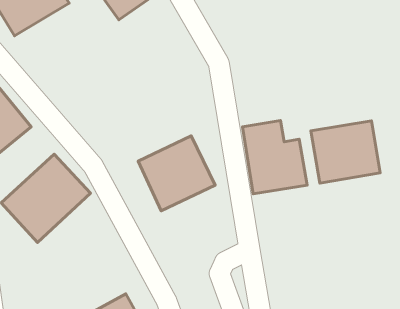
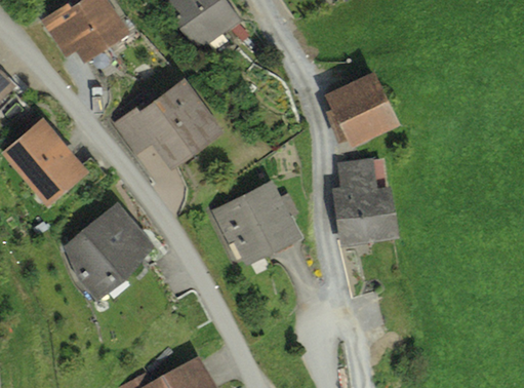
building: none -> [328,66,402,142]
building: none -> [116,75,232,186]
building: [311,121,380,183] -> none

